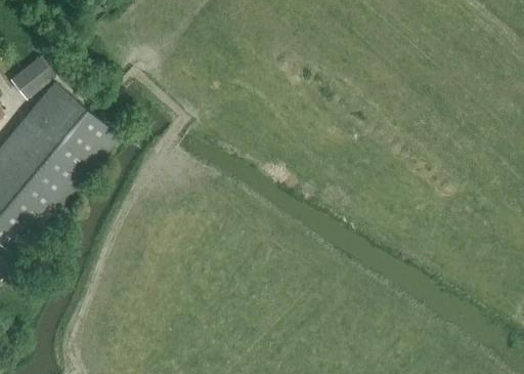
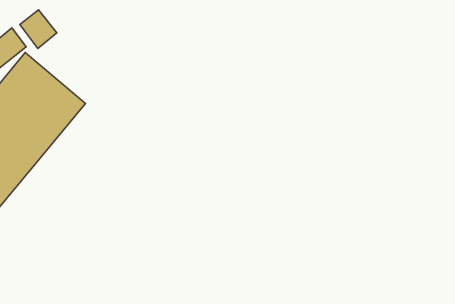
building: none -> [20,10,57,48]

